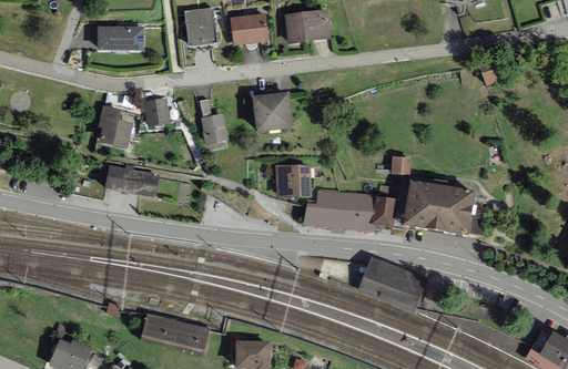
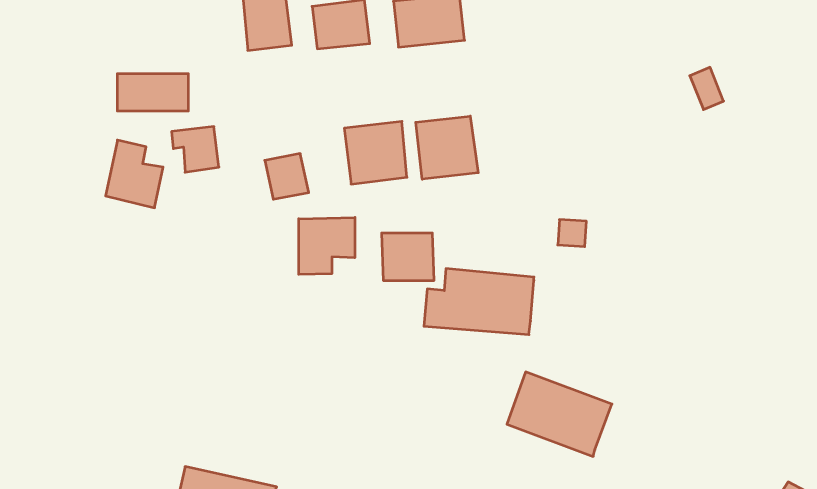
building: [98,25,144,50] -> [117,74,188,111]
building: none -> [416,116,478,179]
building: none -> [299,217,355,274]
building: [105,166,160,199] -> none
building: [403,182,476,237] -> none
building: [374,196,396,225] -> none

